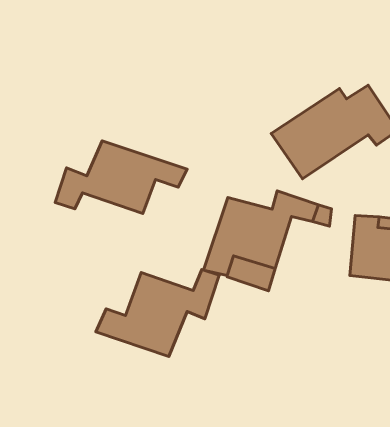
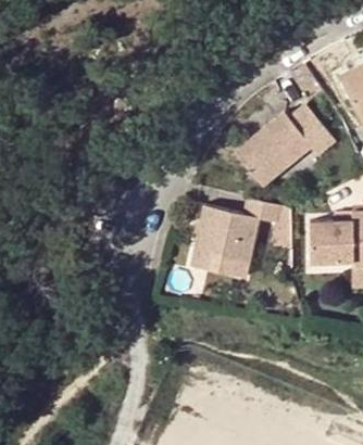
building: [55,141,187,213] -> none
building: [96,270,219,356] -> none

